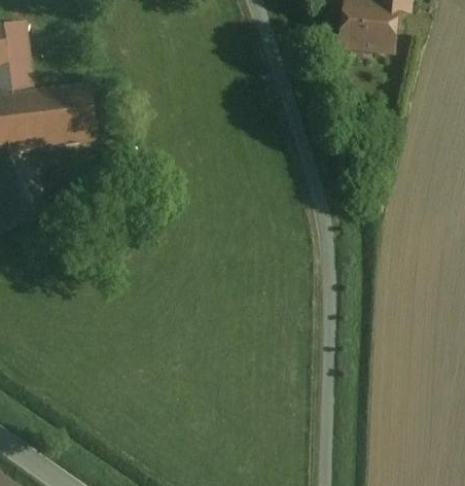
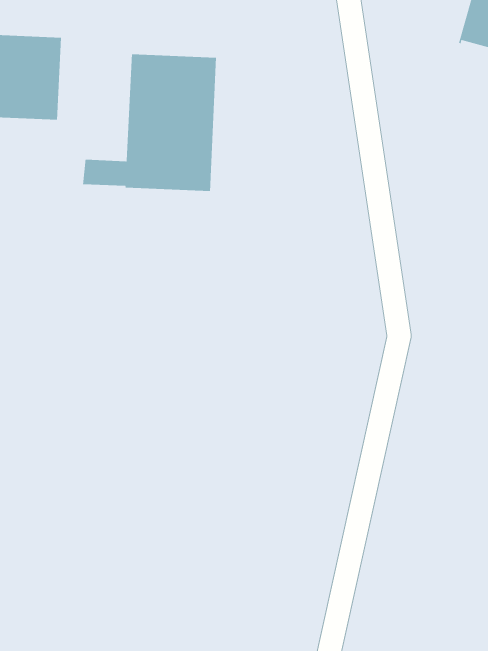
building: none -> [82,53,217,192]

